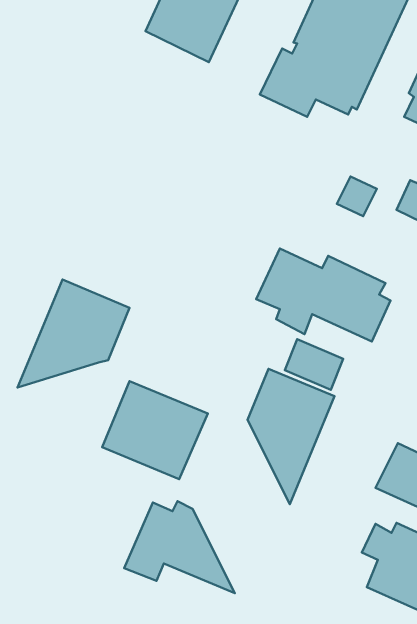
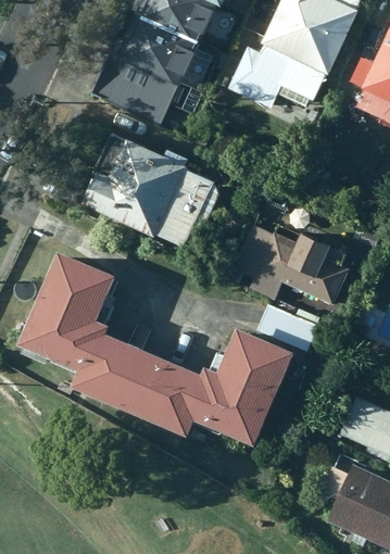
building: none -> [95,34,187,118]
building: none -> [71,131,213,250]
building: none -> [20,322,117,398]
building: [124,501,235,593] -> [161,367,257,448]

